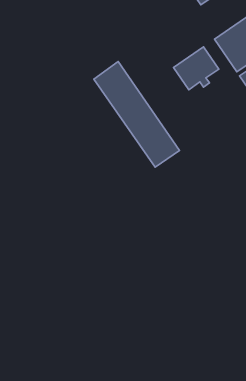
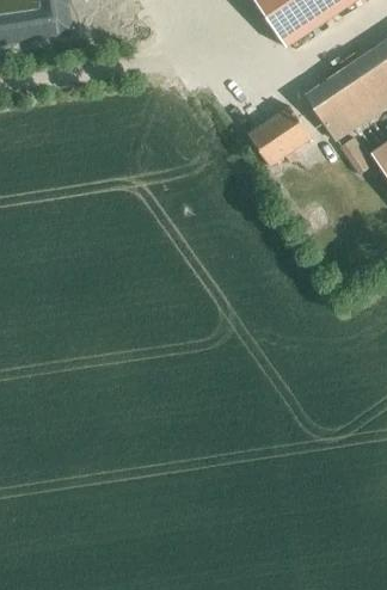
building: [94,61,179,167] -> none

